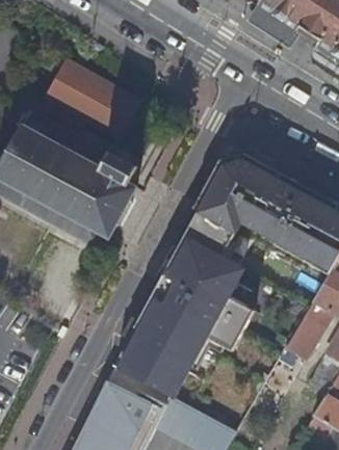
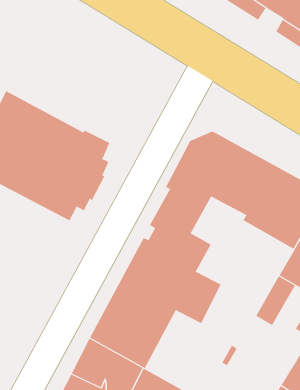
building: [46,61,139,138] -> none

